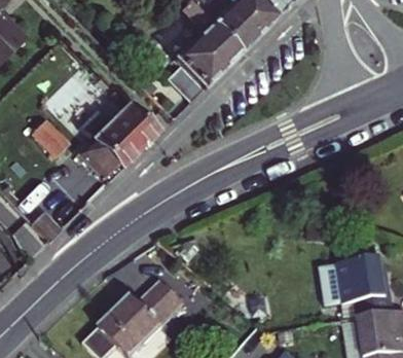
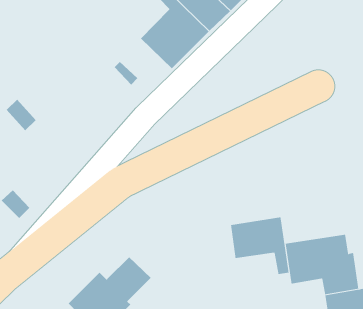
building: [77,101,160,183] -> none
building: none -> [230,217,289,275]

